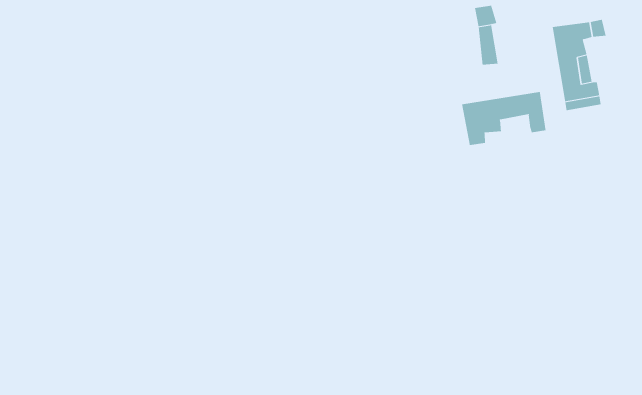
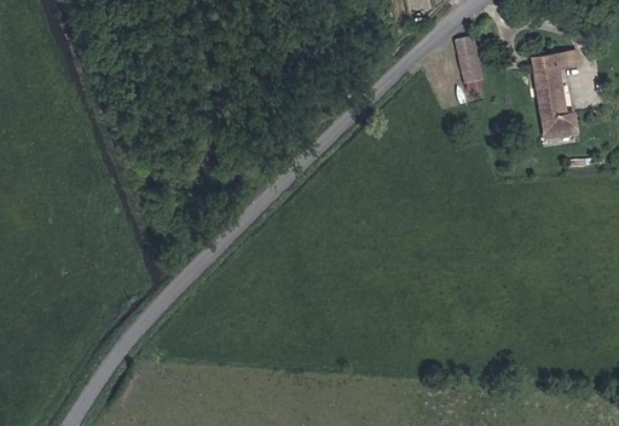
building: [461,91,546,146] -> none

